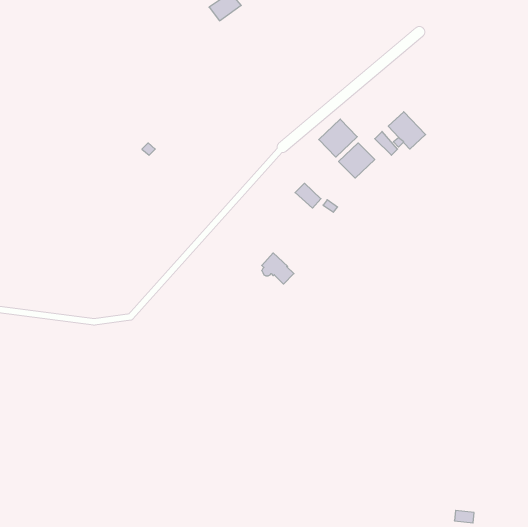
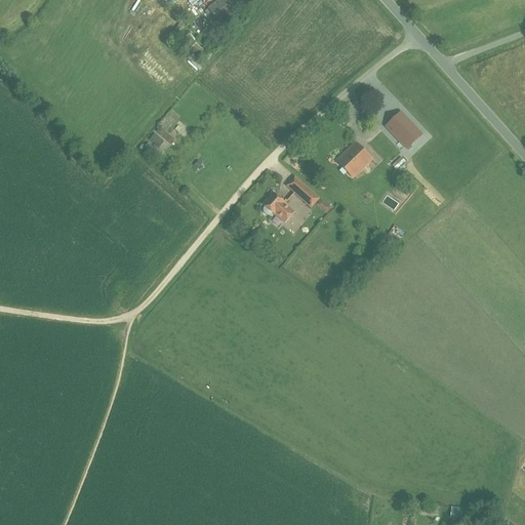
building: [319,119,357,157] -> none
building: [262,253,294,284] -> [261,191,293,221]

